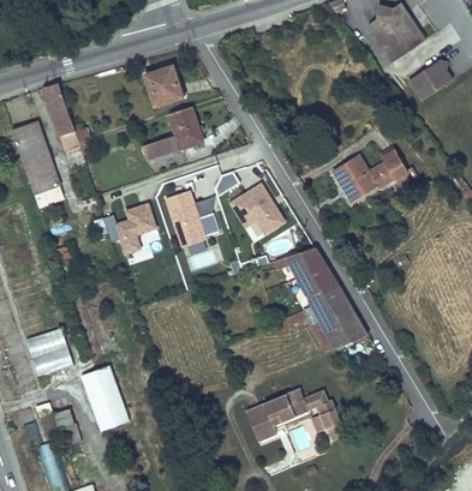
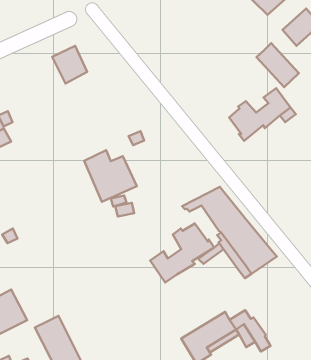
building: none -> [257,43,299,87]
building: [143,106,203,161] -> none
building: [227,180,286,241] -> none
building: [102,200,157,255] -> none
building: none -> [150,223,214,282]

